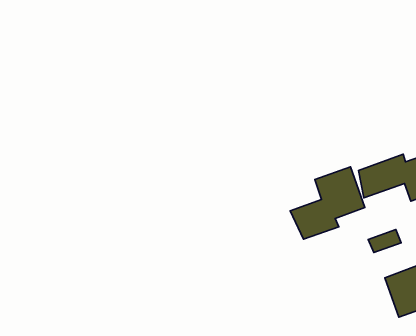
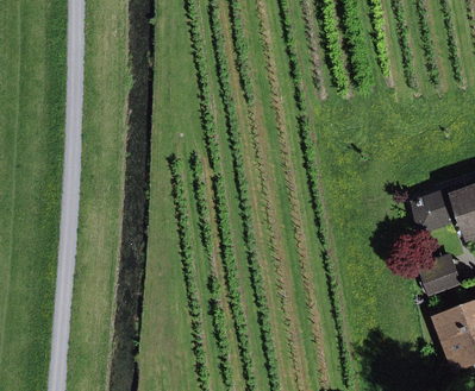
building: [290,167,365,239] -> none

